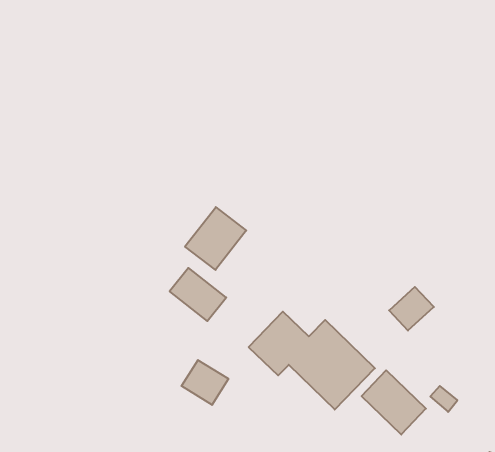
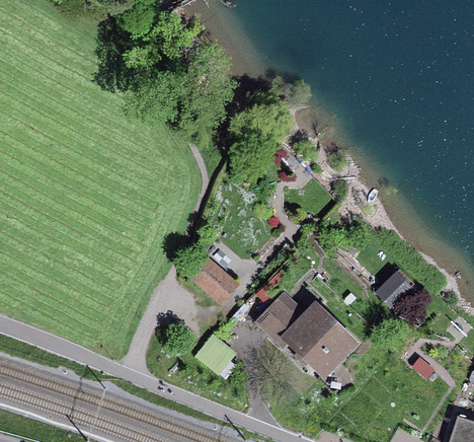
building: [185,207,246,270] -> none
building: [362,370,426,435] -> none

